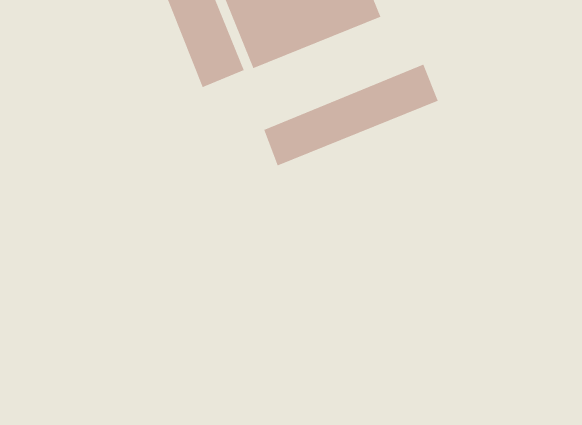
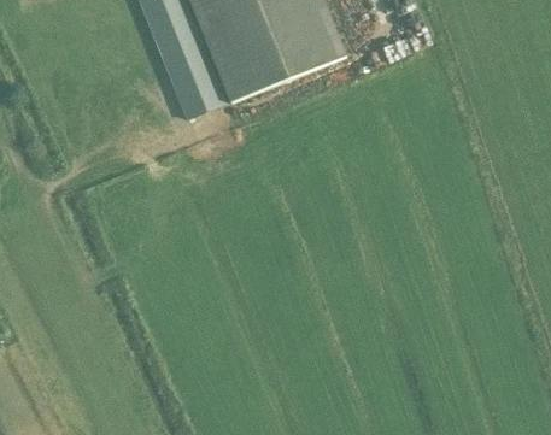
building: [263,63,439,167] -> none

